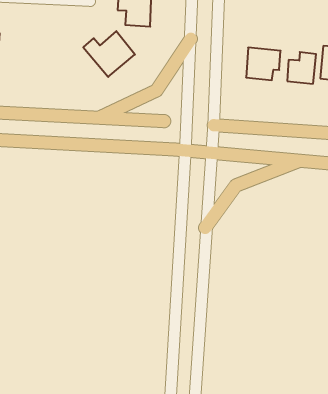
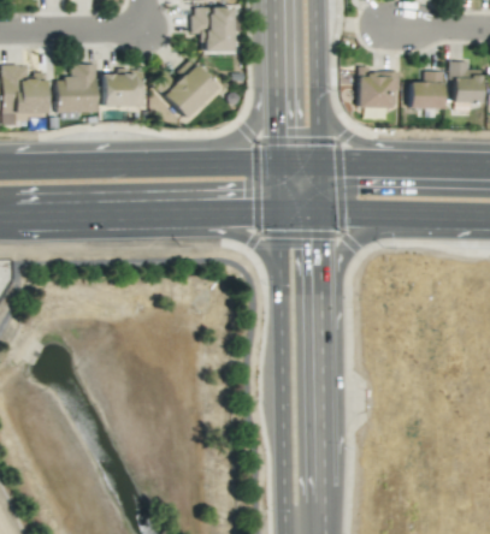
building: none -> [58,65,99,114]
building: none -> [104,72,144,108]

